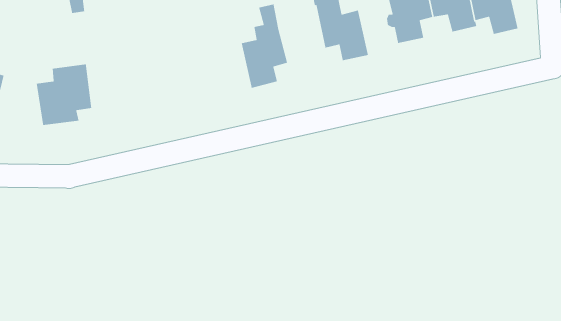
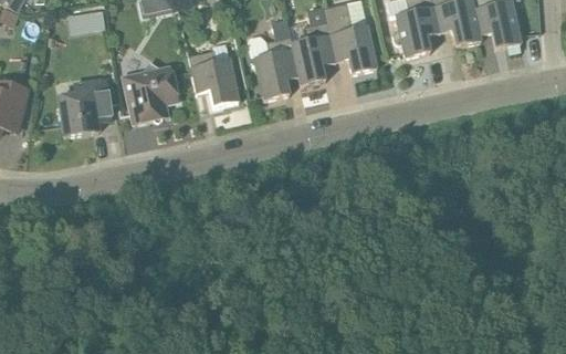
building: none -> [291,20,335,85]
building: none -> [188,48,239,106]
building: none -> [123,61,178,124]

